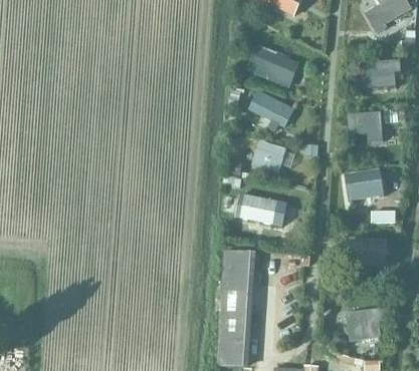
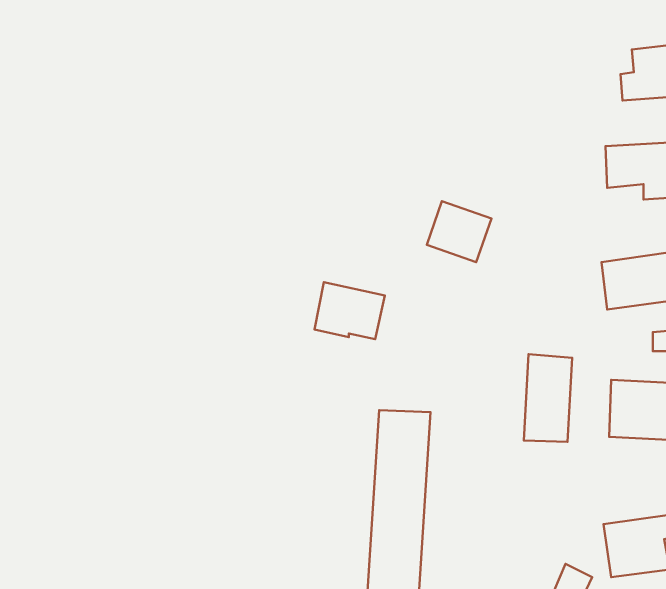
building: [244,44,297,87] -> none
building: [249,91,291,125] -> none
building: [239,194,276,224] -> [314,282,385,339]
building: none -> [524,354,572,442]

